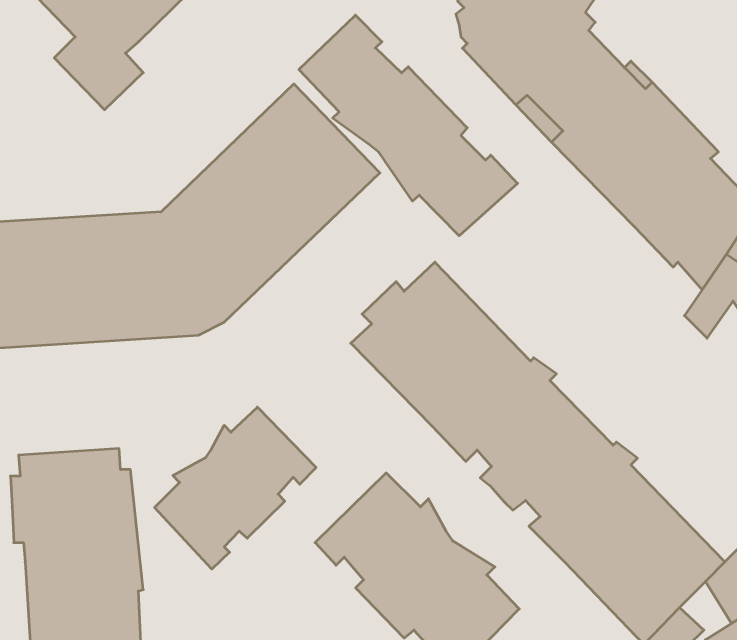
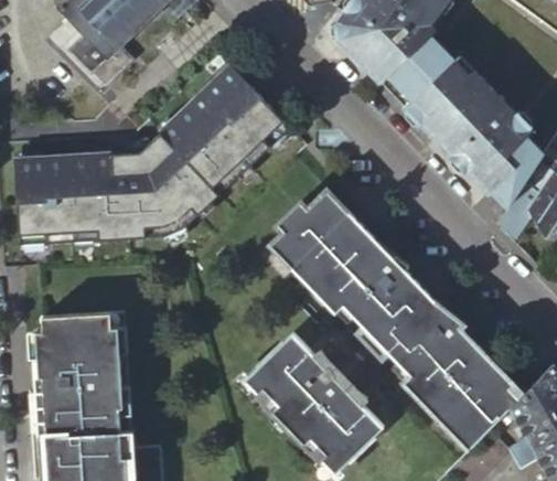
building: [299,15,518,236] -> none
building: [155,407,316,569] -> none

